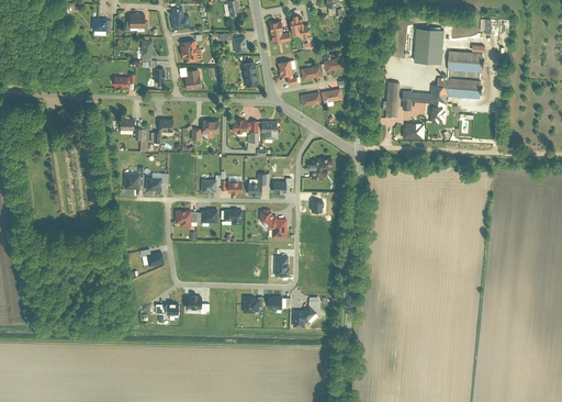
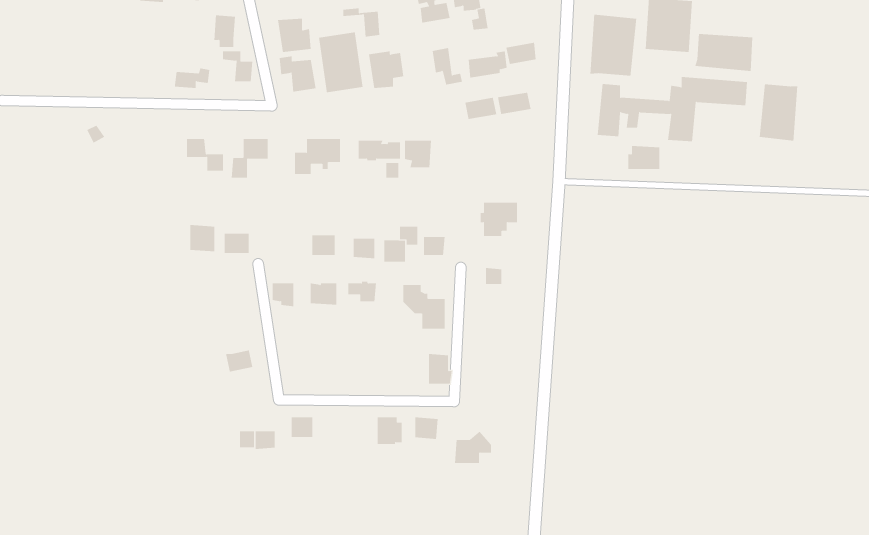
building: none -> [590,14,637,77]
building: none -> [318,31,363,93]
building: none -> [759,83,798,141]

